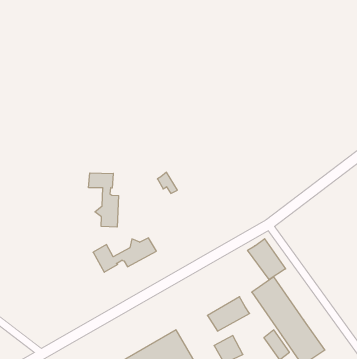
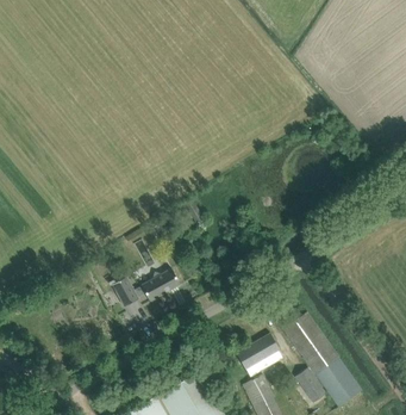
building: [89,173,119,227] -> none
building: [248,239,286,279] -> none

